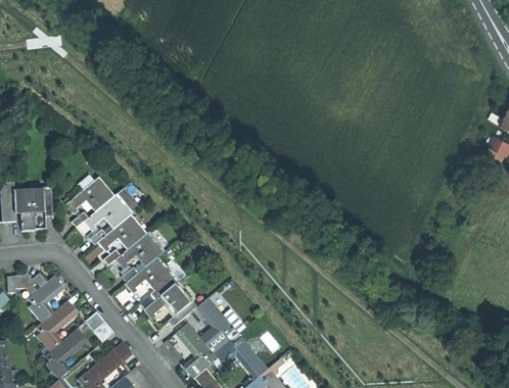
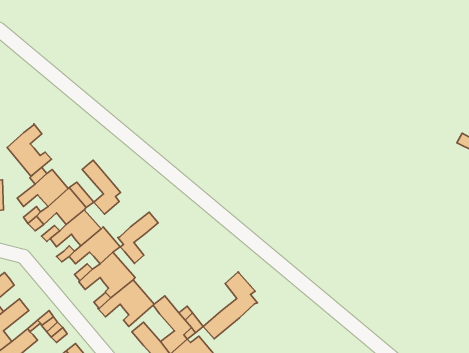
building: none -> [7,124,51,176]
building: none -> [82,160,121,214]
building: none -> [118,212,158,263]
building: none -> [203,272,257,339]

